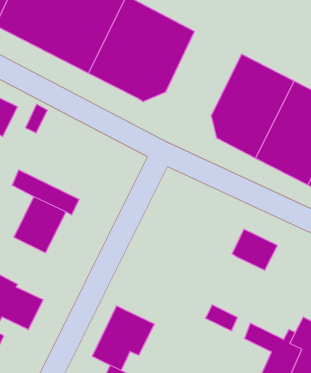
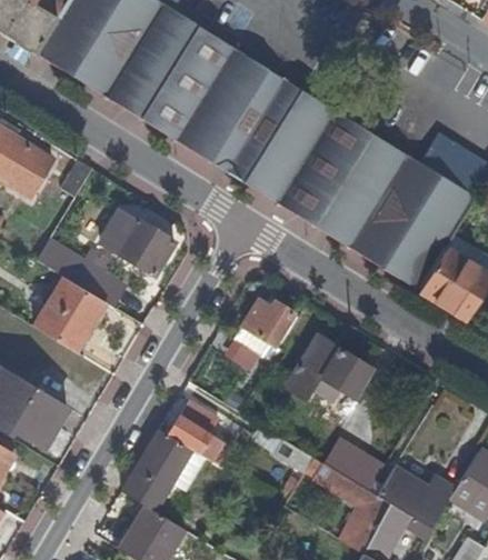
building: none -> [217,82,348,221]
building: none -> [103,211,177,274]
building: none -> [231,297,293,360]
building: none -> [283,332,332,400]
building: none -> [170,400,236,464]
building: none -> [325,432,388,487]

